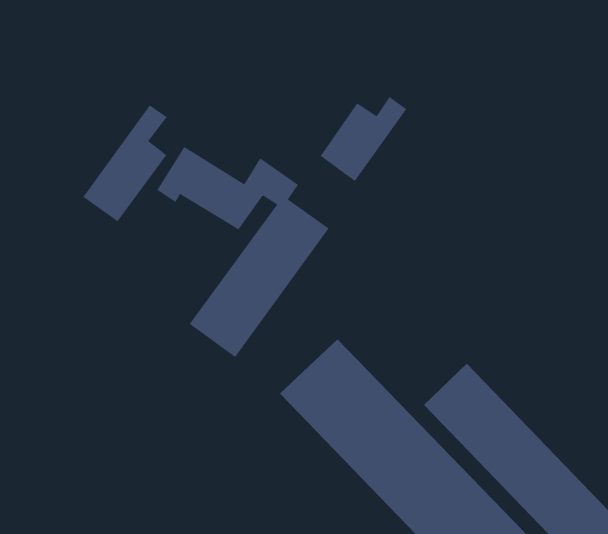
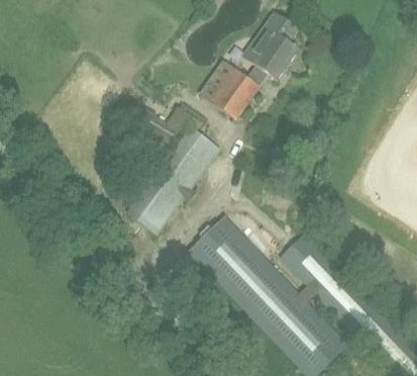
building: none -> [243,11,297,78]
building: [82,105,167,222] -> none

